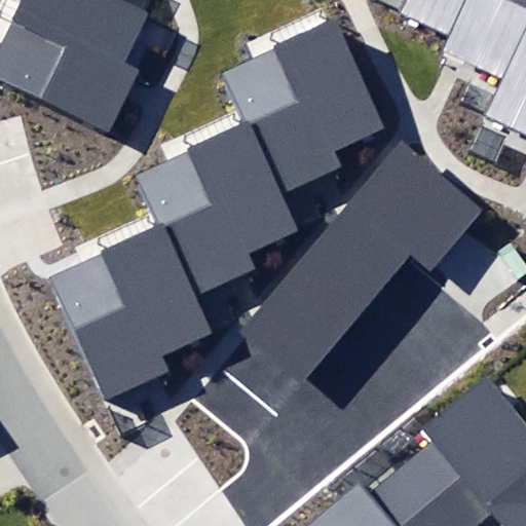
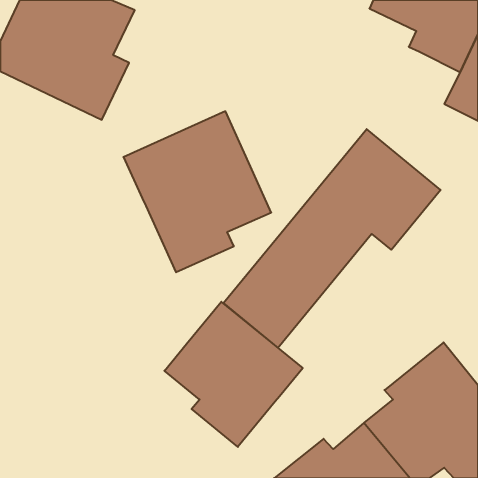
building: [226,23,382,190] -> none
building: [48,226,214,401] -> none
building: none -> [164,302,303,447]

